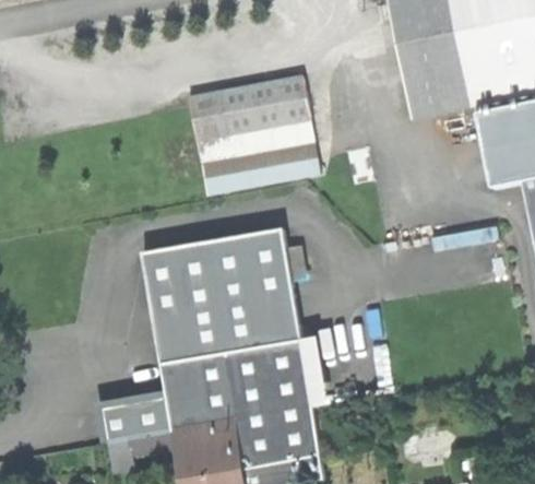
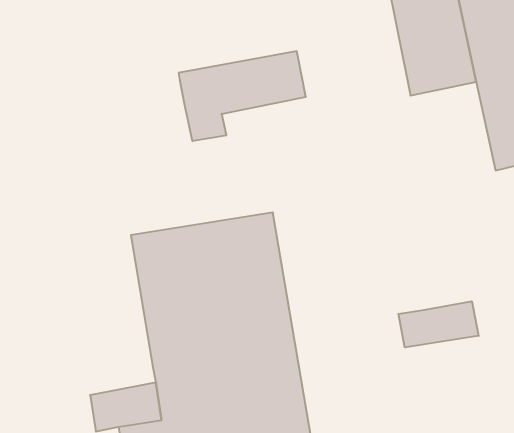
building: [202,120,320,194] -> none
building: none -> [399,301,479,347]

